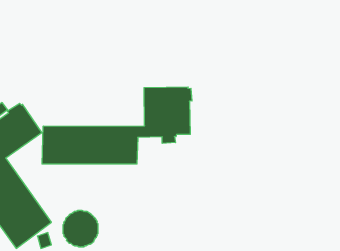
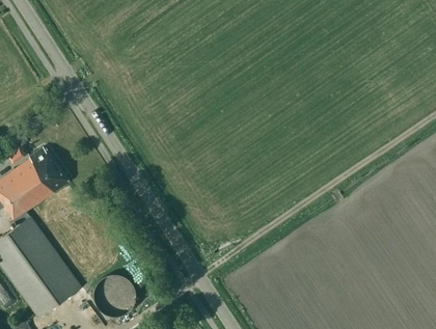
building: [42,87,192,164] -> none

